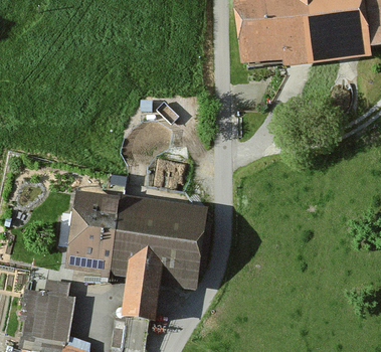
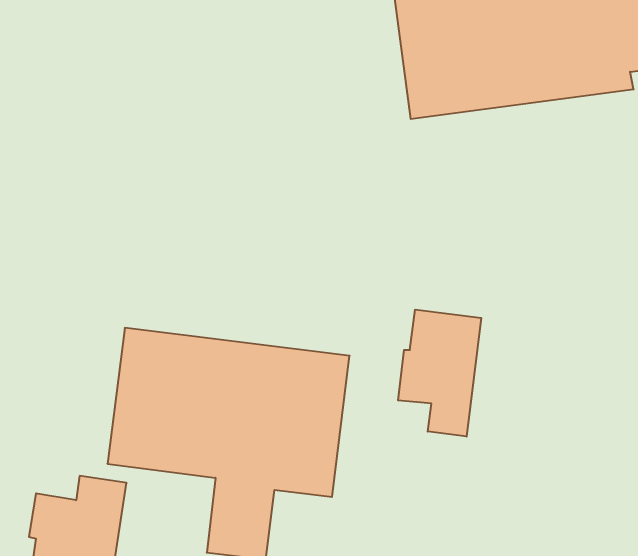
building: none -> [398,310,481,437]

